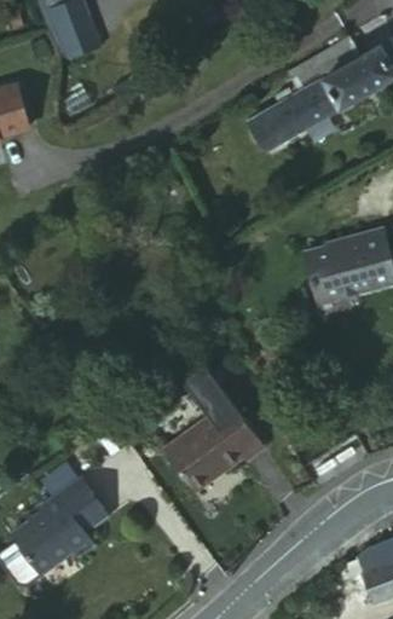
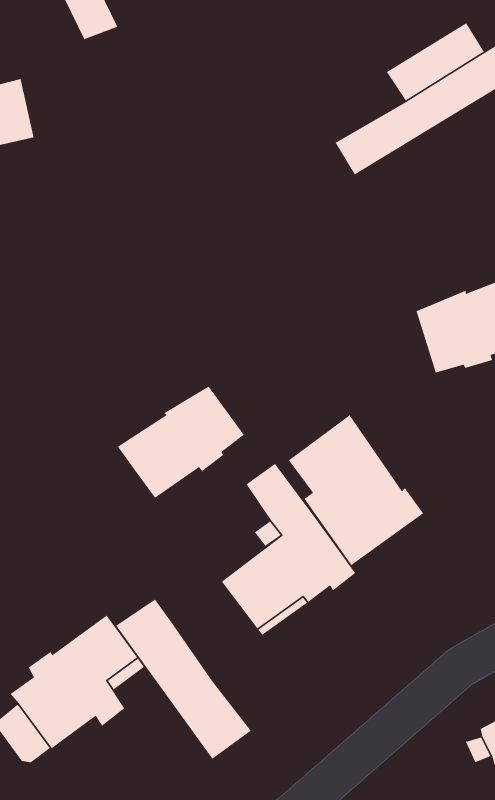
building: none -> [117,385,245,499]
building: none -> [288,414,424,566]
building: none -> [115,598,252,760]

